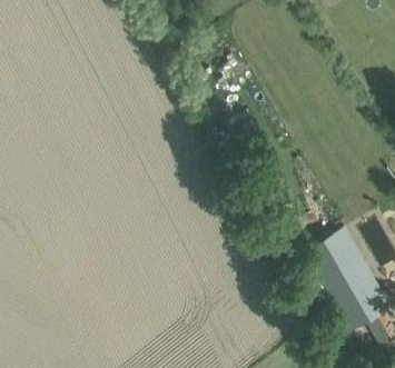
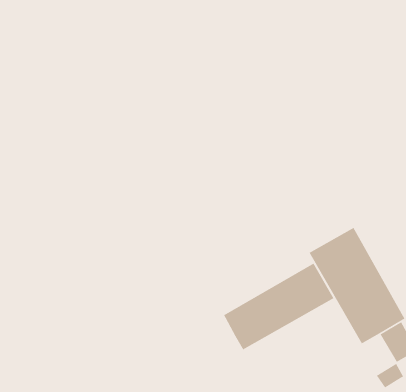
building: none -> [223,262,335,351]

